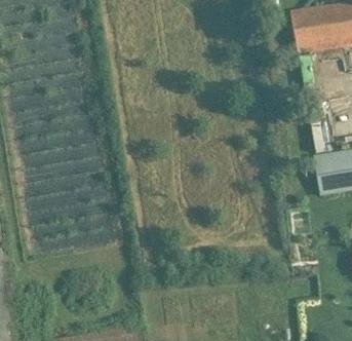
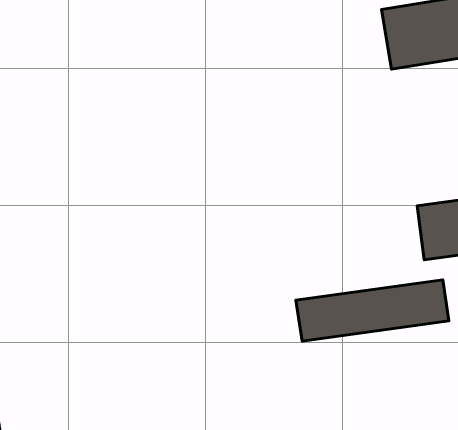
building: none -> [296,280,449,341]

